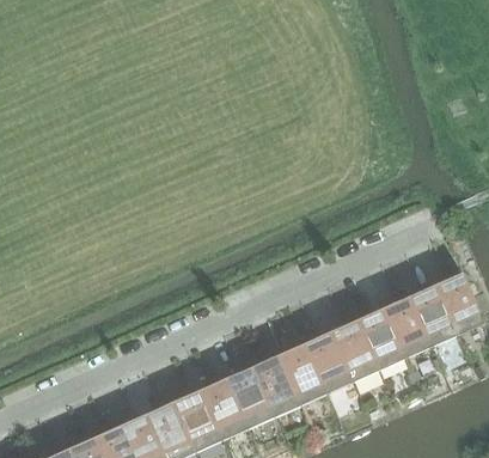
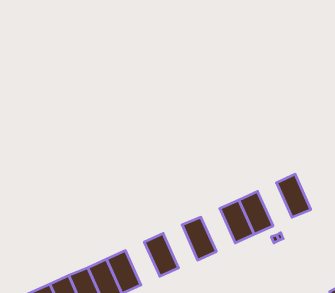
building: [429,276,477,336] -> none
building: [377,299,424,359] -> none
building: [298,335,346,395] -> none
building: [245,358,293,417] -> none
building: [192,381,240,441] -> none

